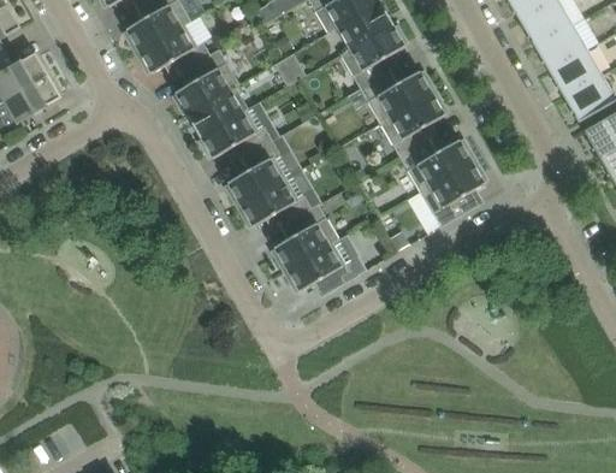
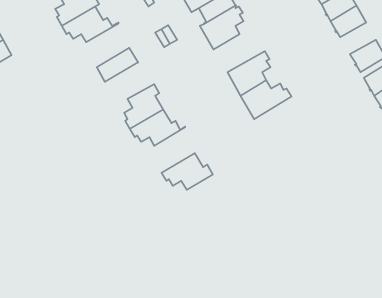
building: [549,47,602,94] -> none
building: [172,48,241,113] -> none
building: [361,64,437,120] -> none
building: [199,107,273,160] -> none
building: [421,156,485,225] -> none
building: [273,202,339,270] -> none

